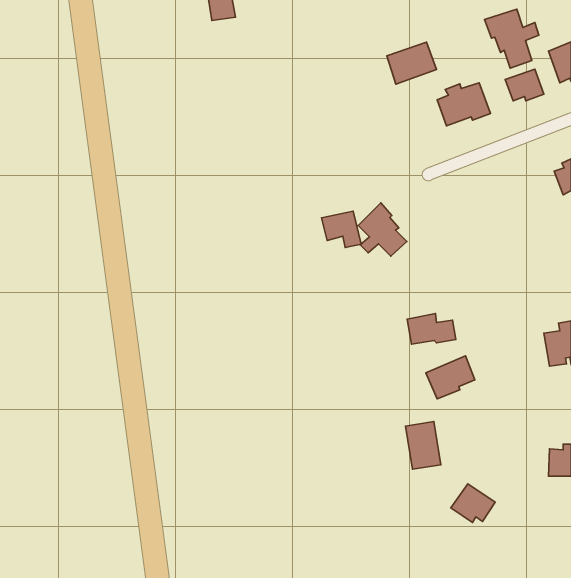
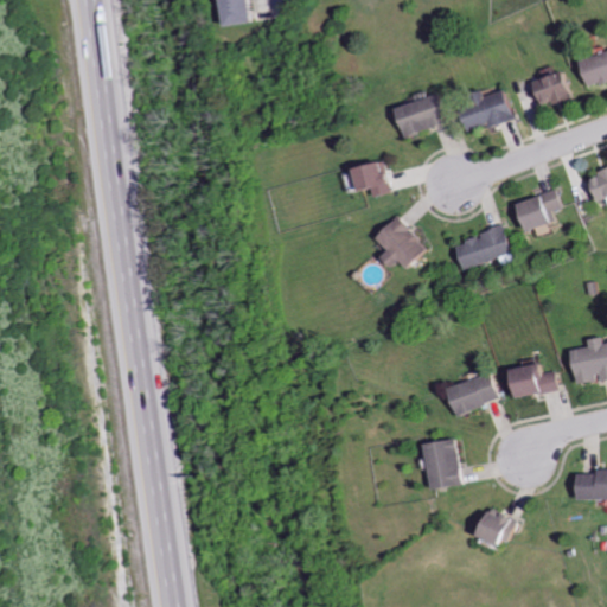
building: [484,9,539,68] -> none
building: [387,42,437,84] -> [395,95,447,139]
building: none -> [511,186,557,231]
building: [321,211,361,247] -> [347,162,389,200]
building: none -> [454,222,511,269]
building: [407,313,456,344] -> [509,366,560,398]

